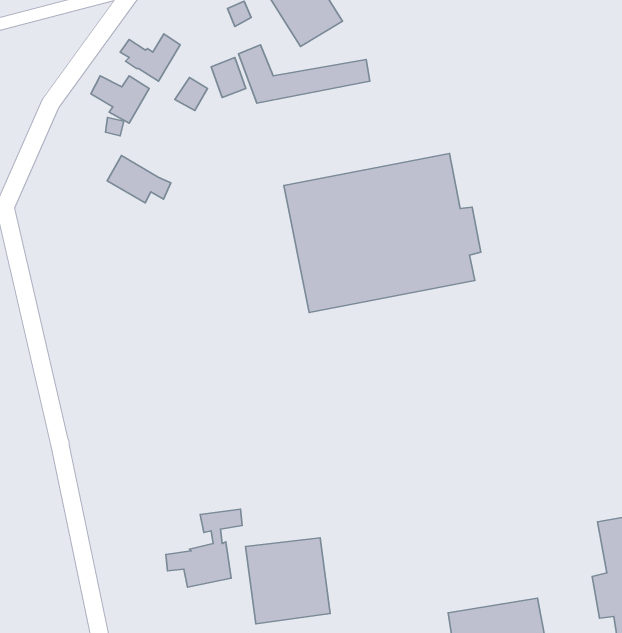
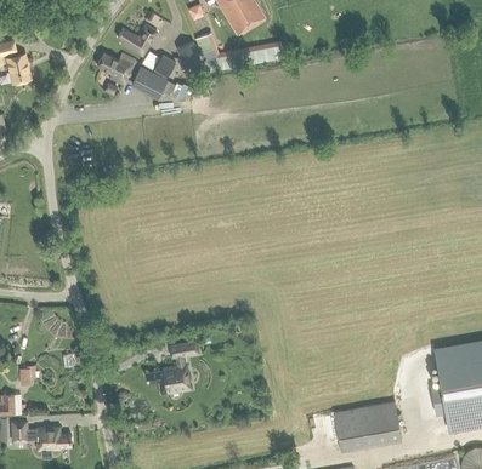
building: [284,153,481,313] -> none
building: [107,155,171,203] -> [131,67,174,98]
building: [245,538,330,624] -> none

